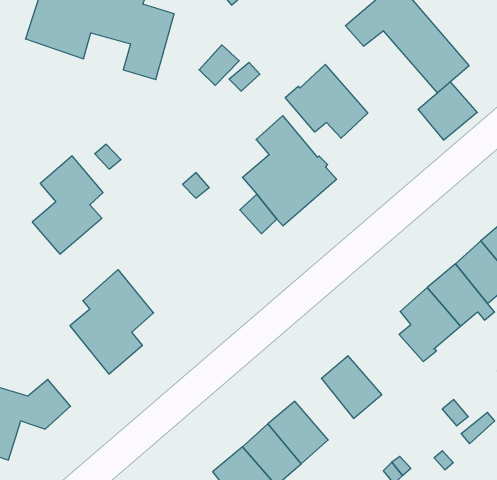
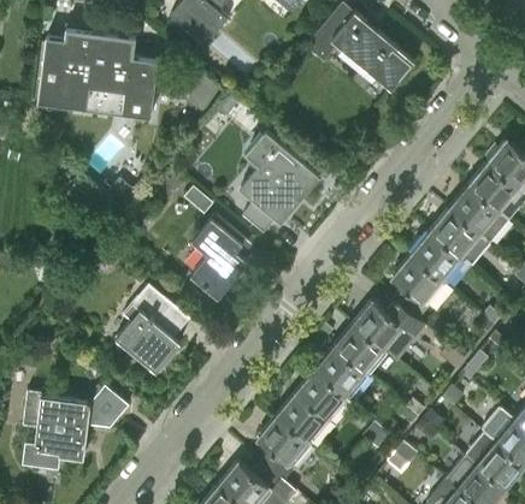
building: [285,64,368,138] -> none
building: [418,82,477,140] -> none
building: [32,156,103,254] -> [190,214,248,298]
building: none -> [354,298,418,360]
building: none -> [315,346,367,397]

